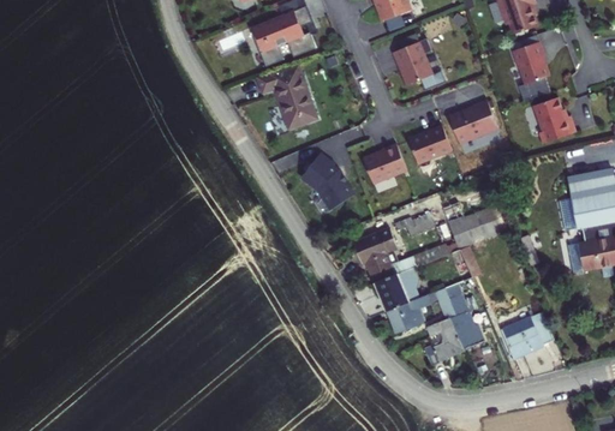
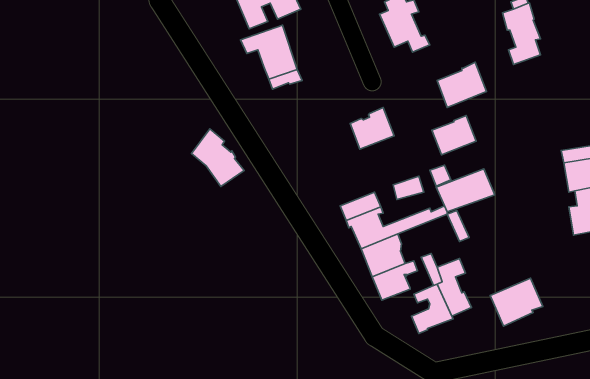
building: [533,98,575,143] -> none
building: [408,126,452,164] -> [432,116,476,155]
building: [303,154,354,210] -> [191,129,244,187]

